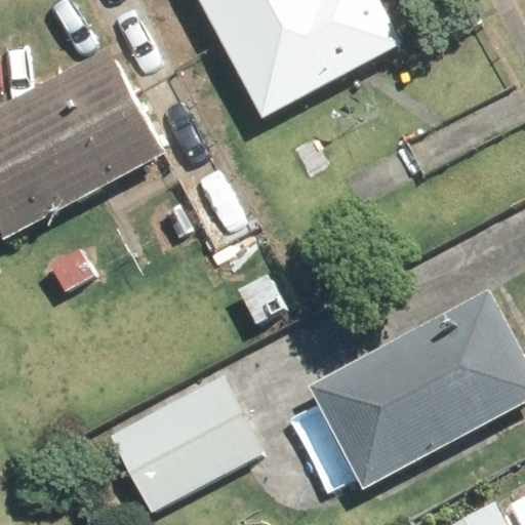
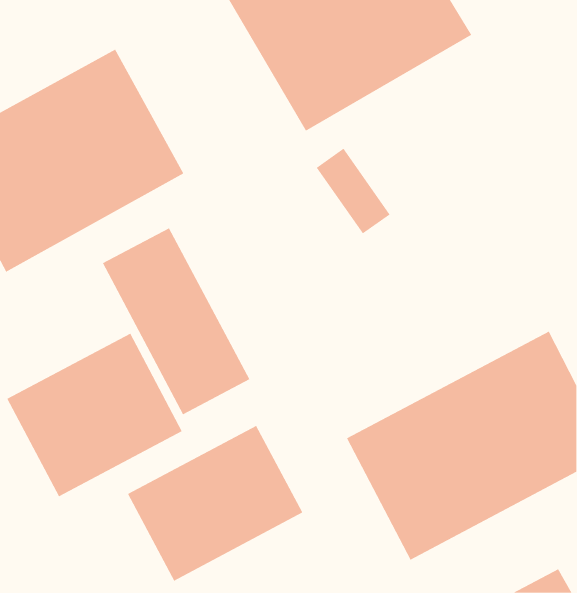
building: none -> [102,227,250,415]
building: none -> [7,333,183,497]

